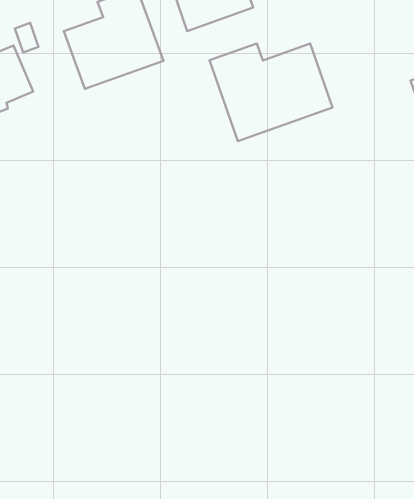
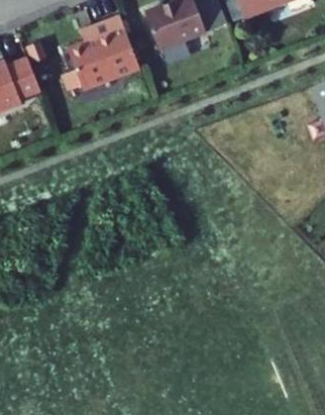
building: [210,43,332,141] -> none

